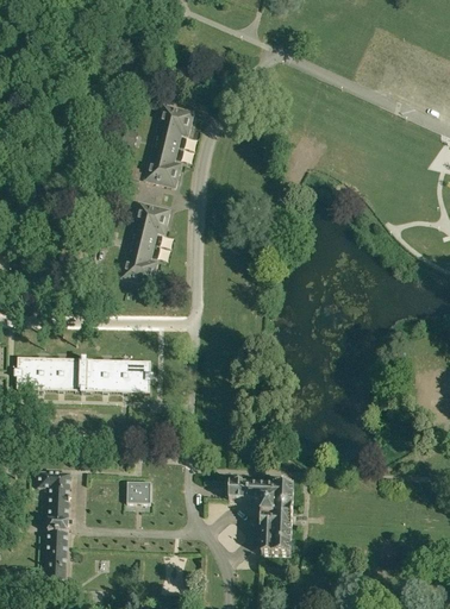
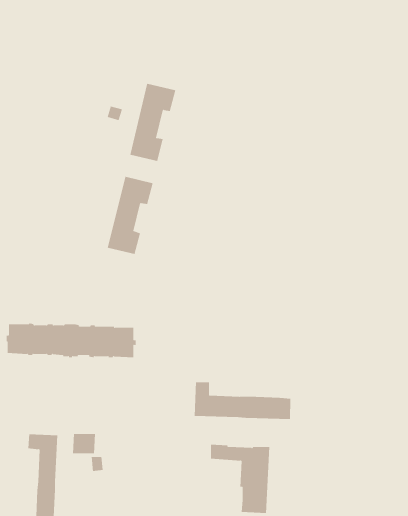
building: none -> [194,381,291,420]
building: [126,483,151,504] -> [72,433,96,454]

